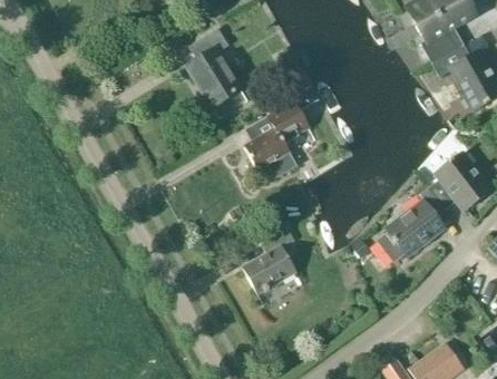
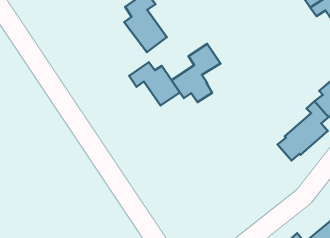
building: none -> [129,62,180,105]
building: [243,226,298,294] -> none

